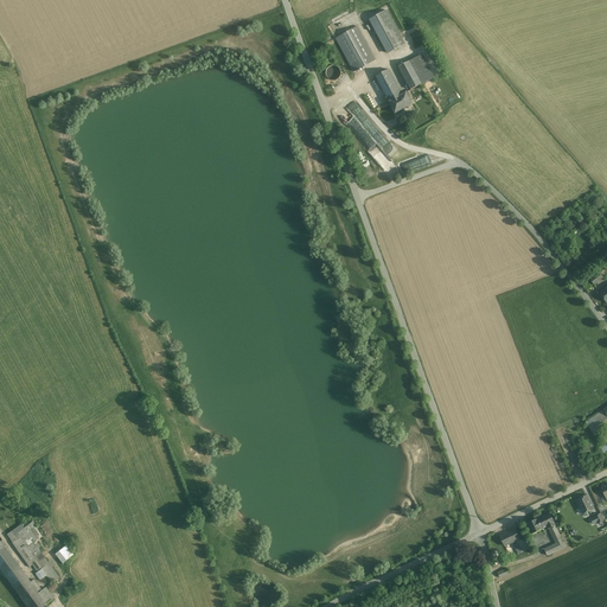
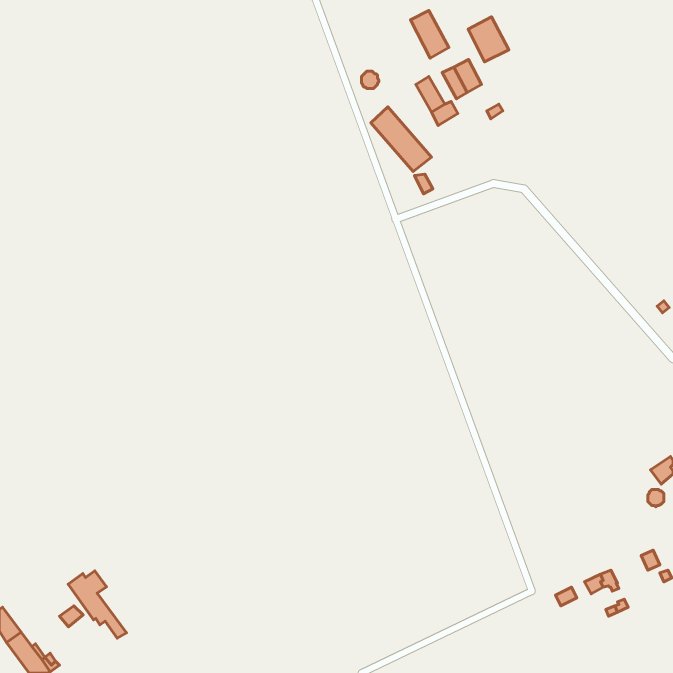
building: none -> [468,17,509,62]
building: [336,25,375,70] -> none
building: [7,522,59,582] -> [68,571,126,638]

